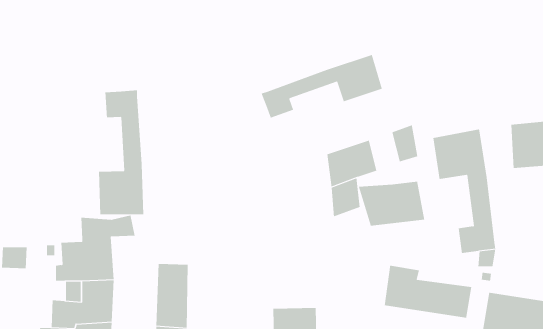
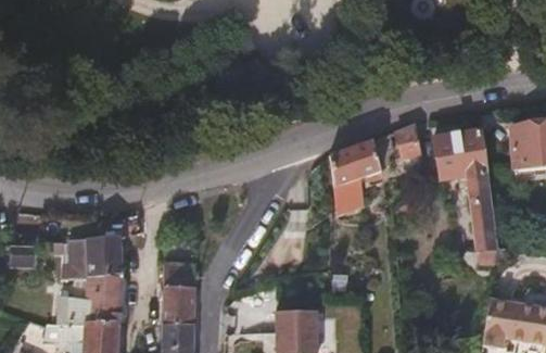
building: [261,54,382,118] -> none
building: [98,90,144,215] -> none
building: [358,181,425,226] -> none
building: [384,265,472,318] -> none

